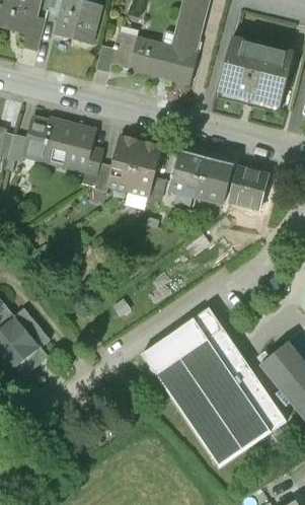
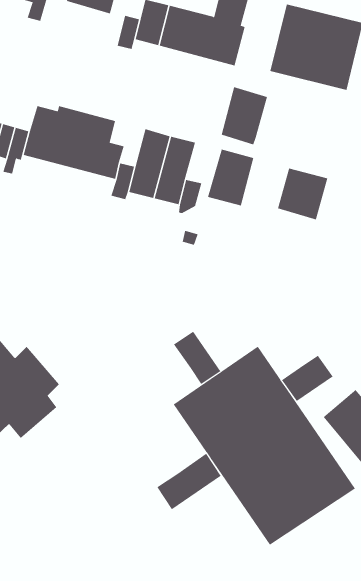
building: [196,157,233,204] -> [221,87,268,145]
building: none -> [173,331,221,385]
building: none -> [281,355,333,402]
building: none -> [157,453,222,510]

